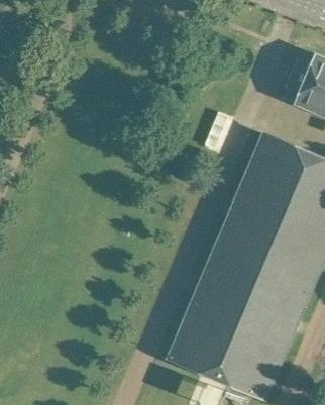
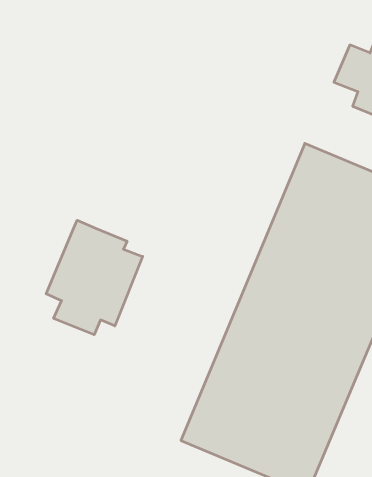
building: none -> [46,220,143,335]

